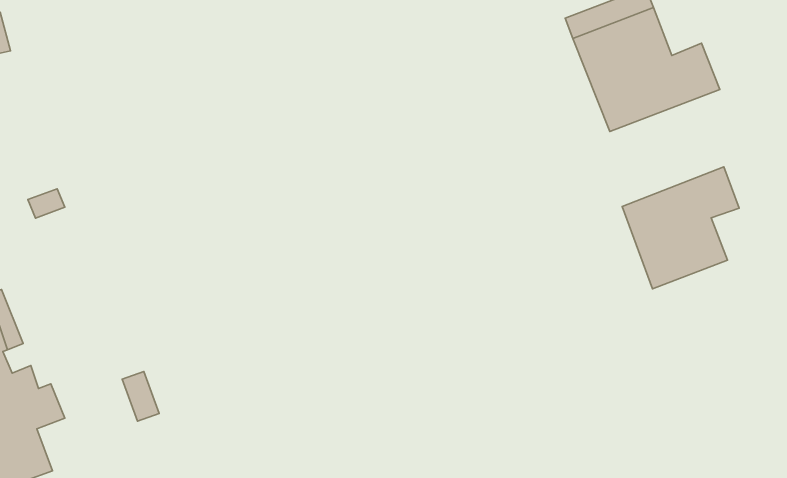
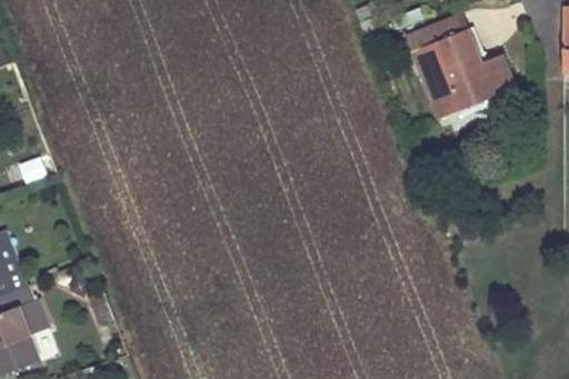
building: [622,167,739,289] -> none

